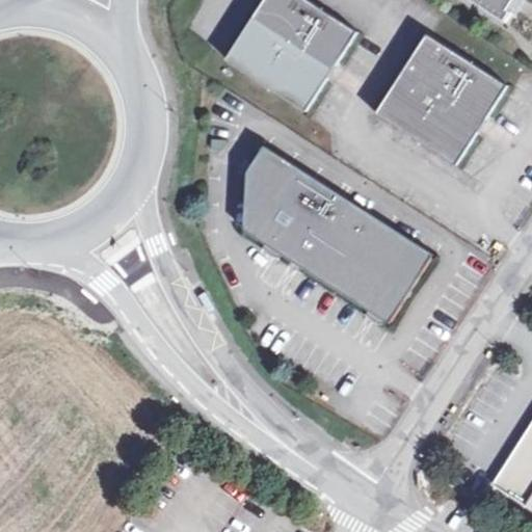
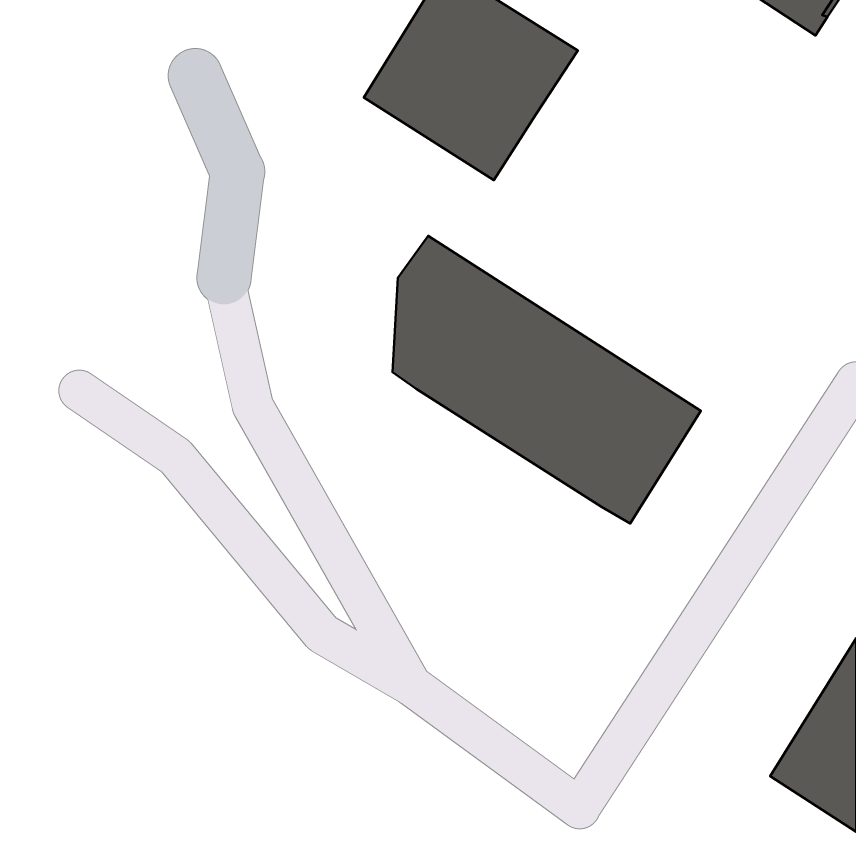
building: [374,33,506,165] -> none

